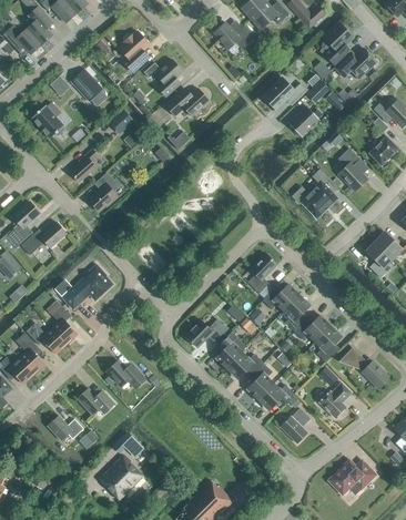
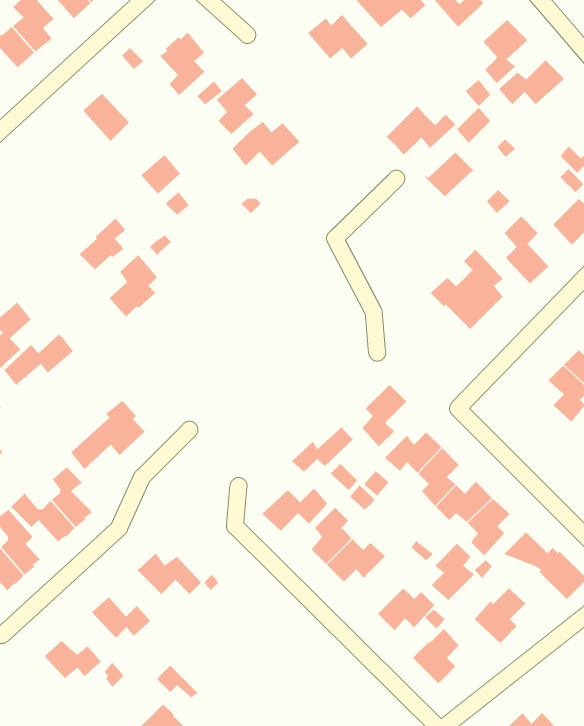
building: [31,103,64,139] -> none
building: none -> [291,426,354,473]
building: [246,363,274,399] -> [431,543,475,601]

